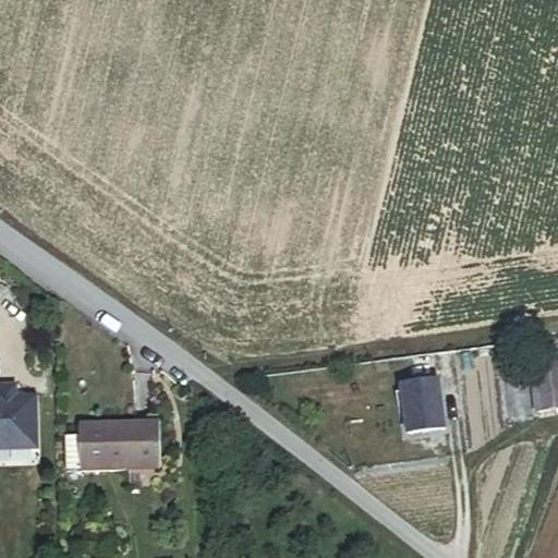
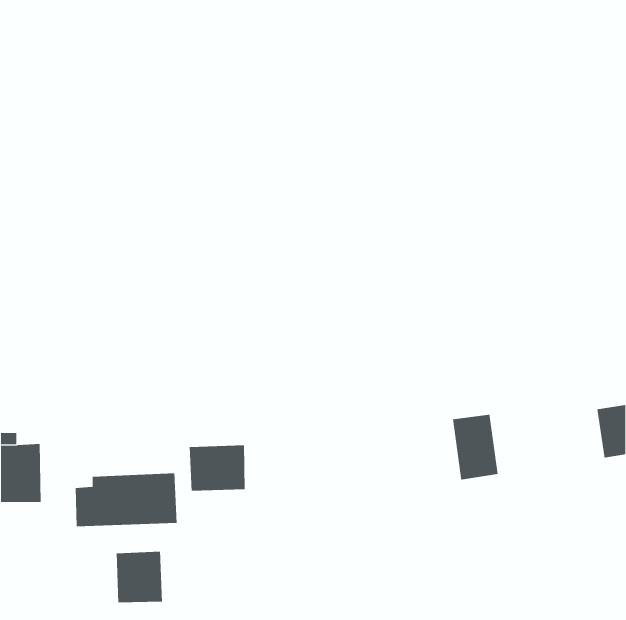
building: none -> [189,445,245,492]
building: none -> [116,551,162,603]

